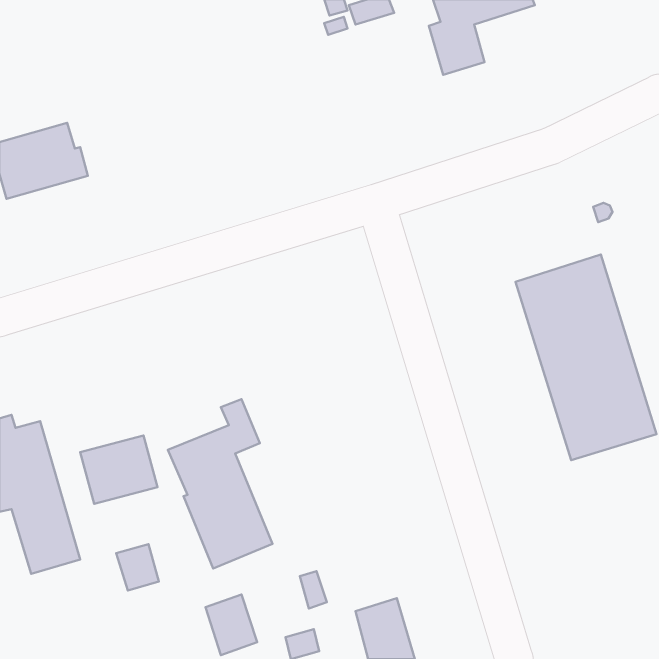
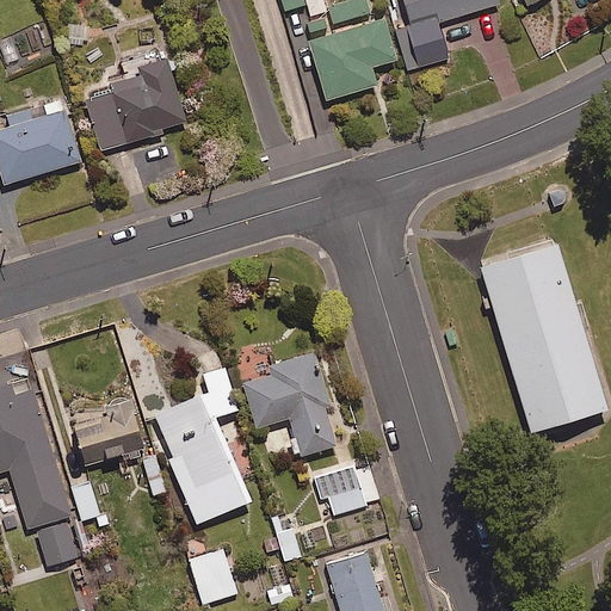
building: none -> [300,14,389,100]
building: none -> [87,47,186,149]
building: none -> [243,353,338,456]
building: none -> [316,467,366,517]
building: [116,544,159,591] -> [38,523,78,566]

